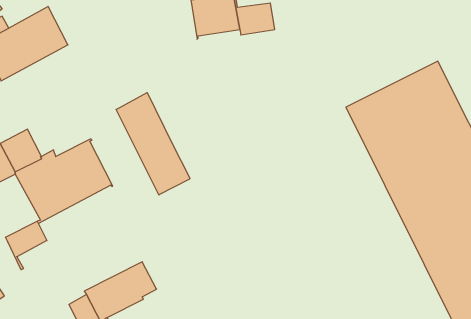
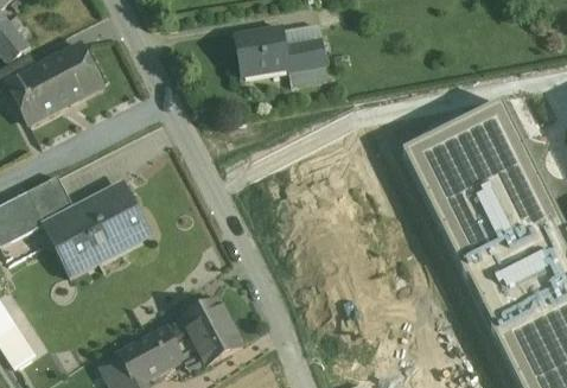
building: [116,93,190,195] -> none
building: [6,221,47,270] -> none
building: none -> [183,299,243,363]

